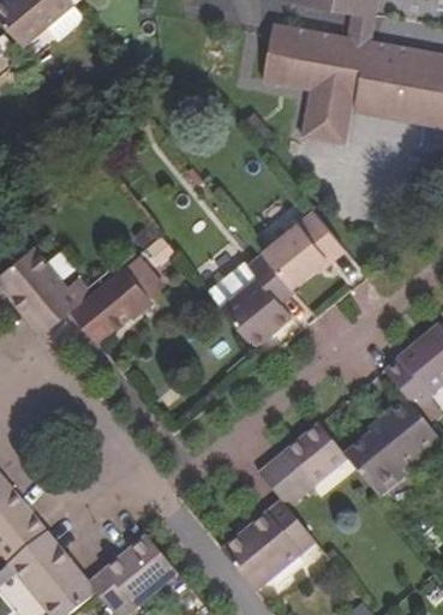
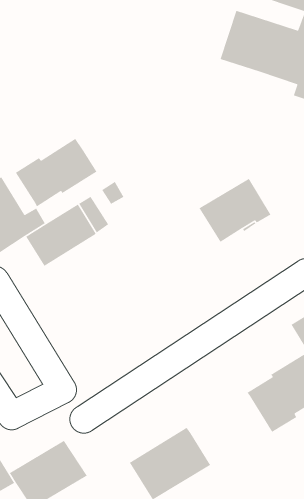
building: [300,89,353,145] -> none
building: none -> [15,138,97,207]
building: [221,253,294,347] -> none
building: [257,424,347,508] -> none

